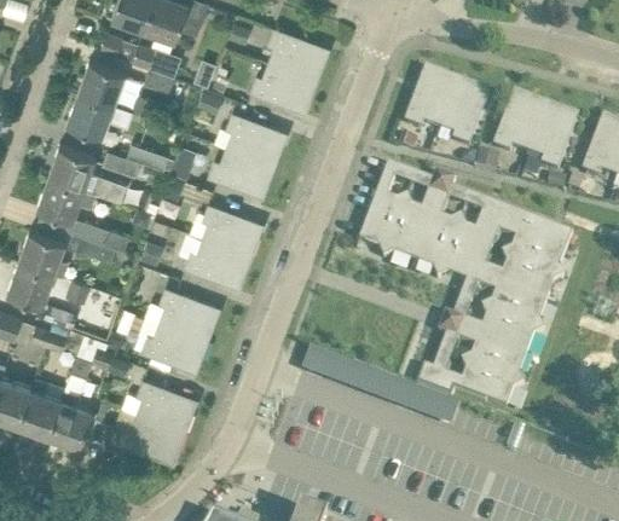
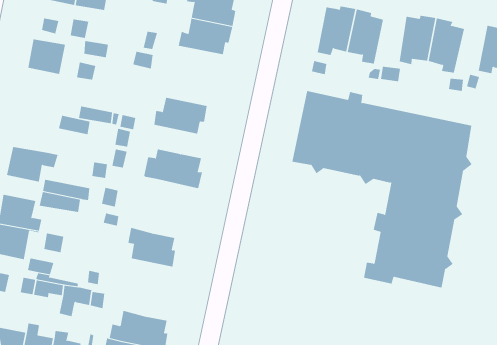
building: [66,92,114,137] -> none
building: [227,115,282,166] -> none
building: [48,145,126,203] -> none
building: [180,233,250,286] -> none
building: [139,317,208,371] -> none
building: [302,354,462,426] -> none

